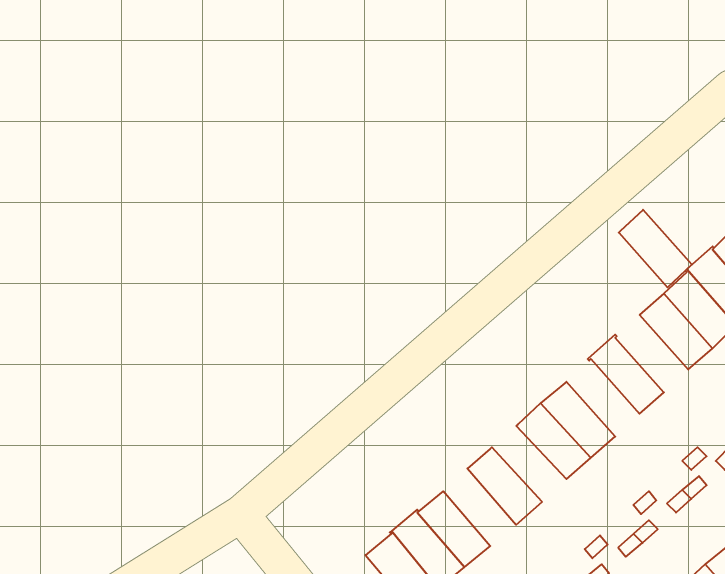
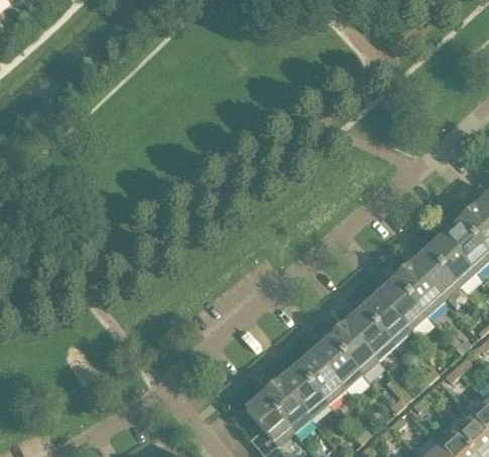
building: [619,210,692,287] -> [409,249,458,301]
building: none -> [377,278,425,330]
building: none -> [326,321,377,373]
building: none -> [295,351,344,403]

